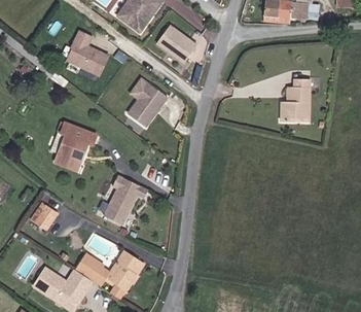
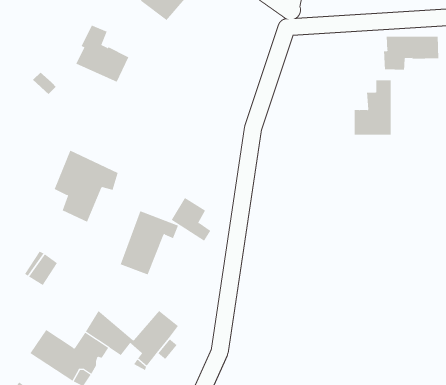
building: [156,25,197,63] -> none
building: none -> [383,36,439,70]
building: [129,84,169,128] -> none

